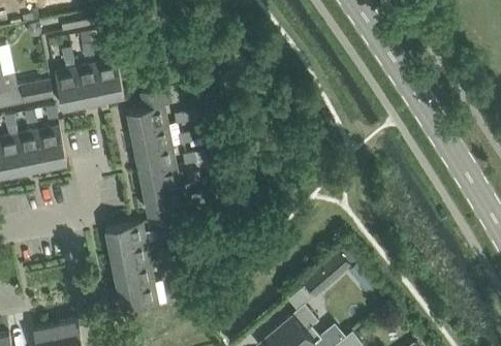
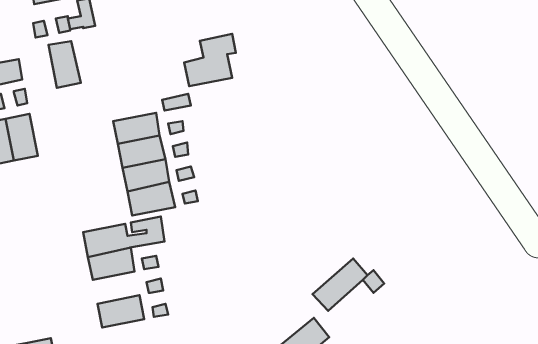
building: [94,60,123,101] -> none
building: [54,68,82,109] -> none
building: [126,89,170,134] -> [184,34,236,86]
building: [113,264,153,292] -> none

